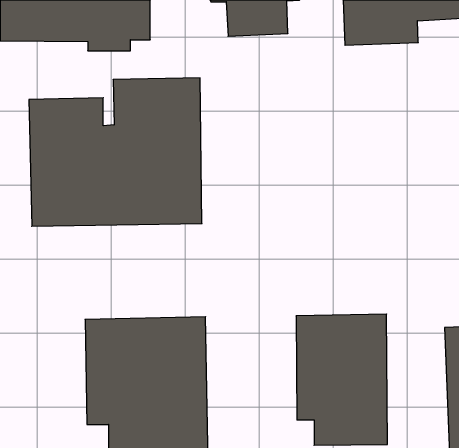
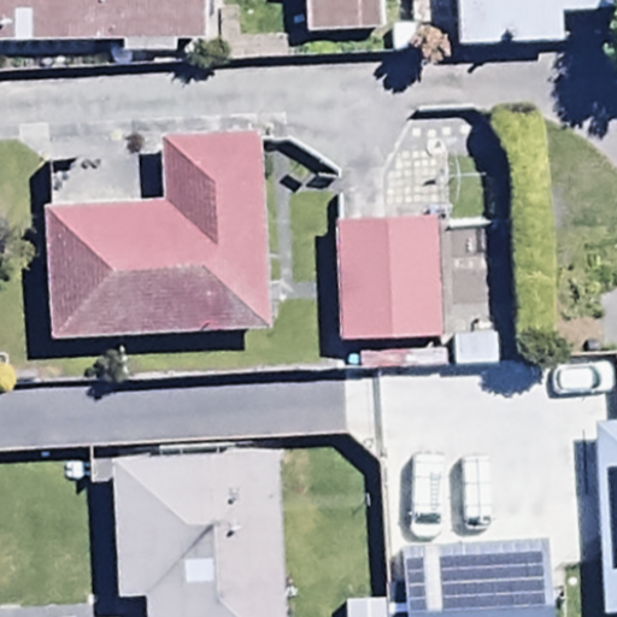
building: none -> [336,183,445,321]

